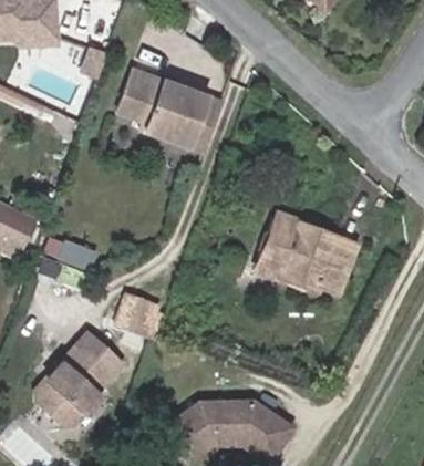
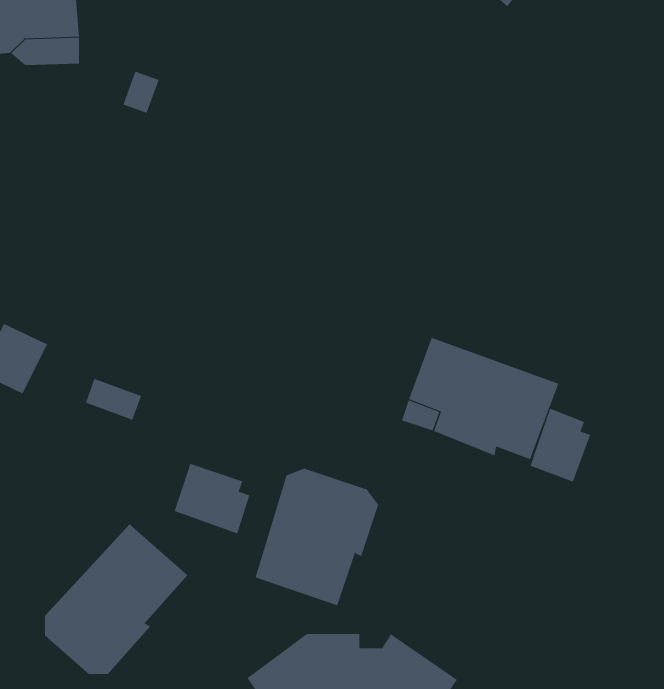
building: [120,70,220,151] -> none
building: none -> [530,408,591,482]
building: none -> [255,468,379,606]

